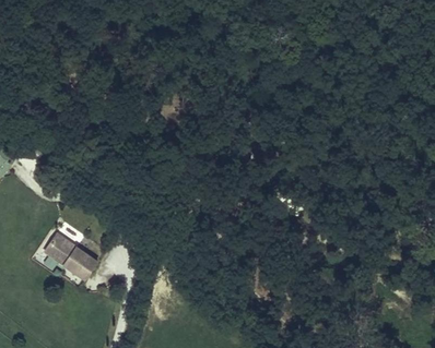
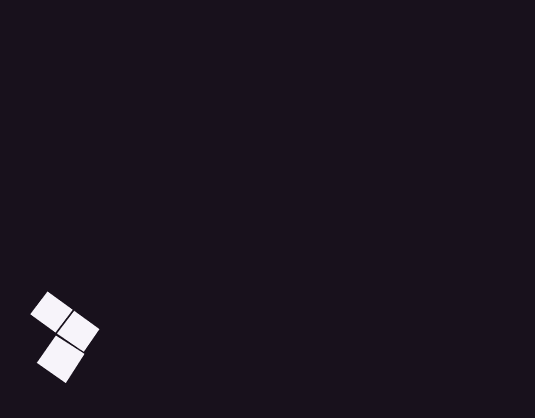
building: none -> [36,334,85,384]

